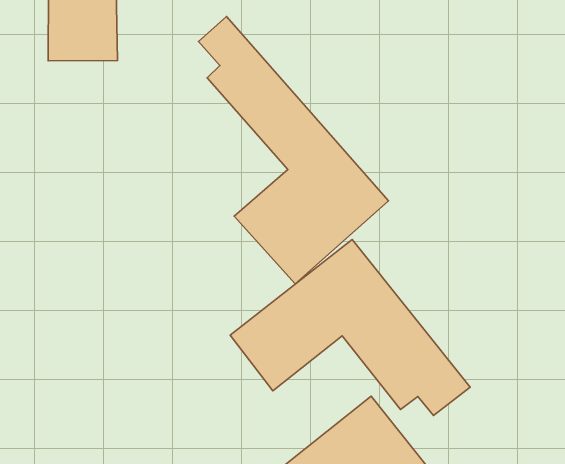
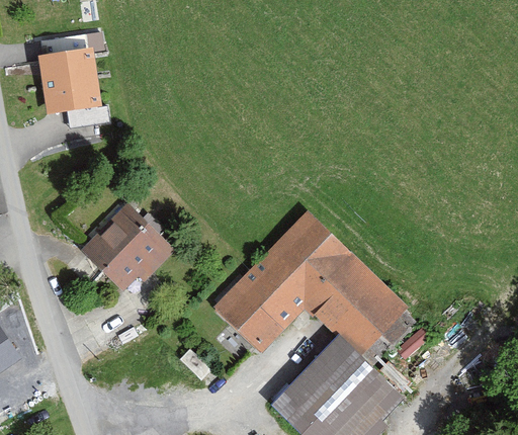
building: [199,16,388,284] -> none
building: none -> [87,205,162,281]

